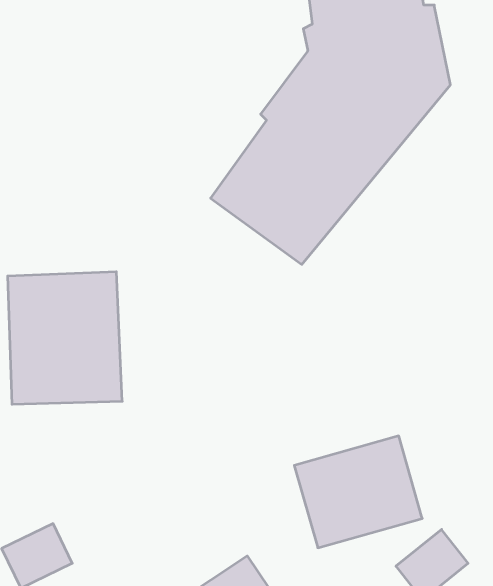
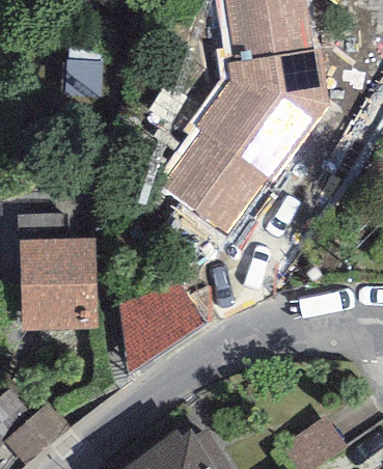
building: [294,436,422,548] -> [119,283,210,362]

